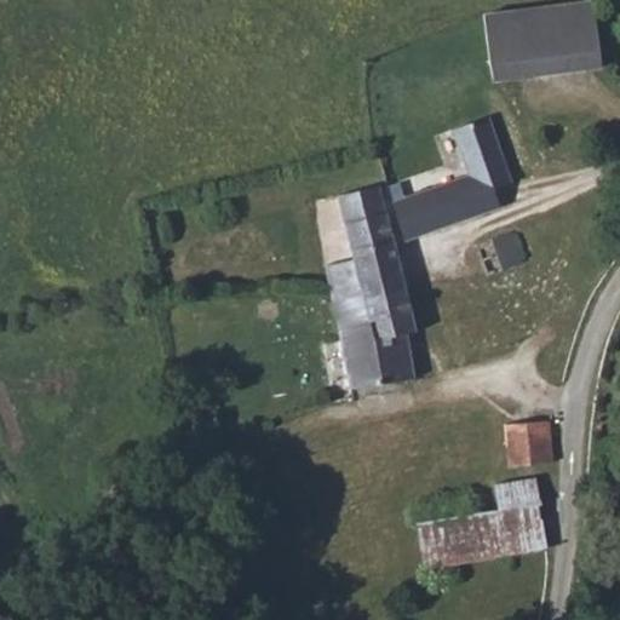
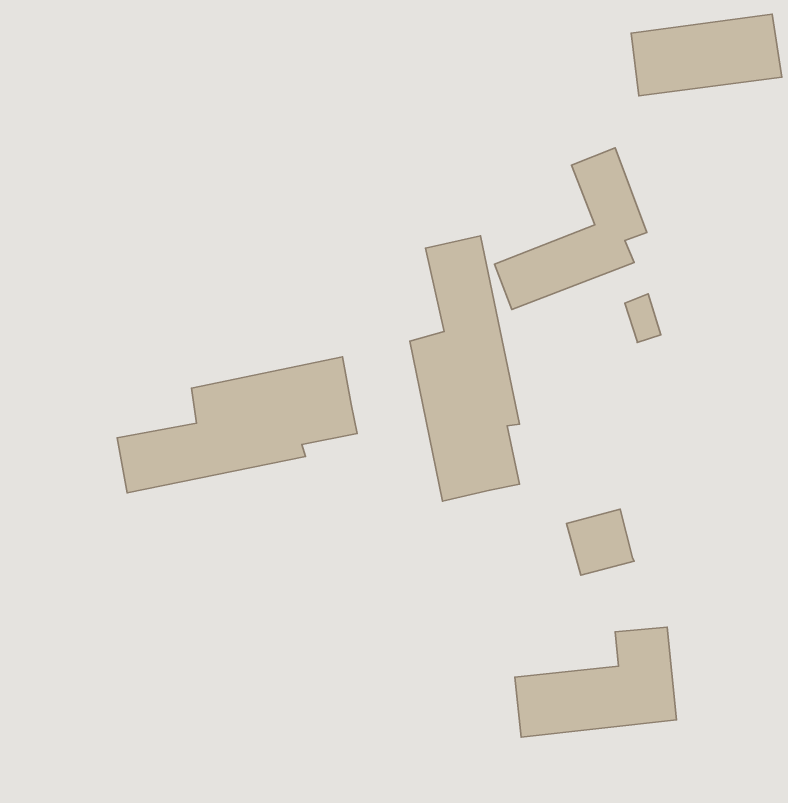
building: none -> [117,357,357,493]
building: [509,421,561,472] -> [567,509,634,575]

